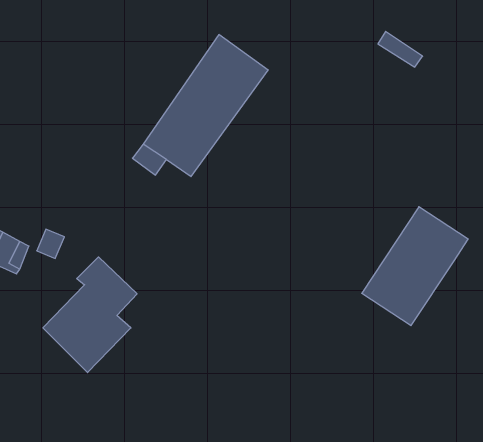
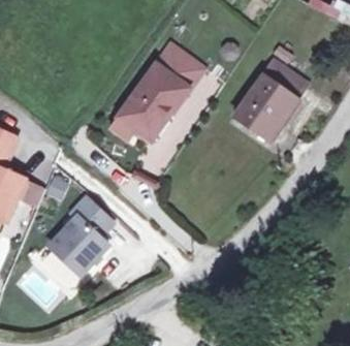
building: [362,207,468,326] -> [237,62,309,141]

